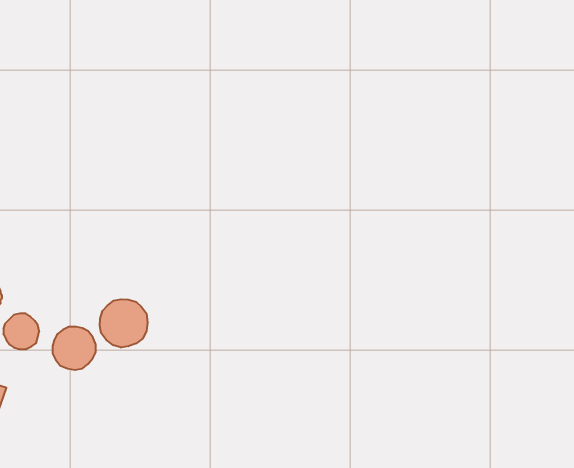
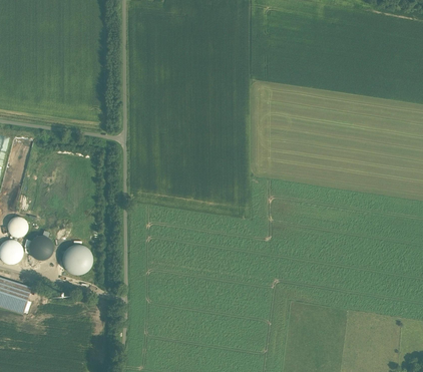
building: [100,299,147,348] -> none

